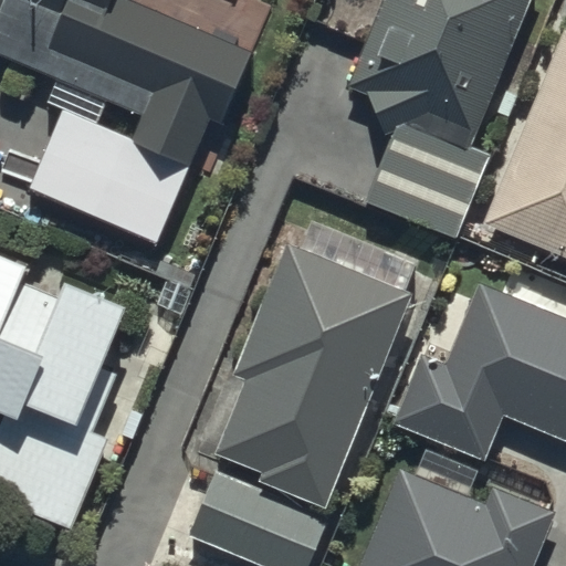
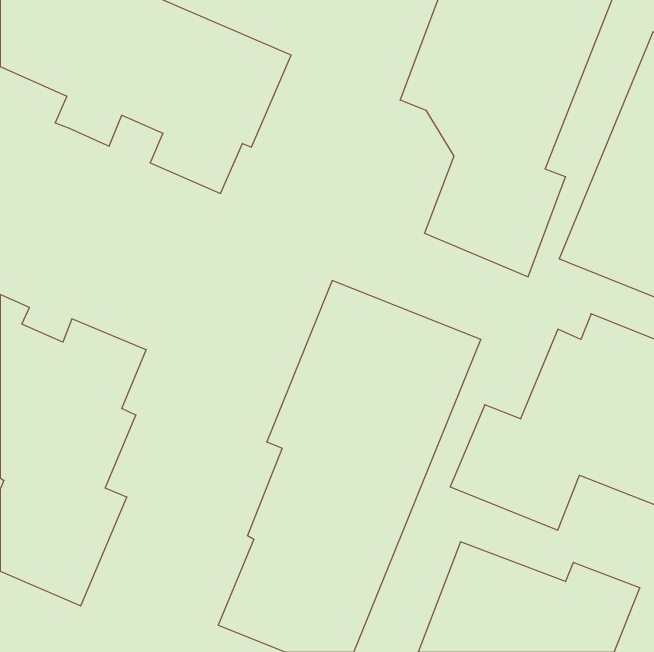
building: [28,111,191,244] -> none

